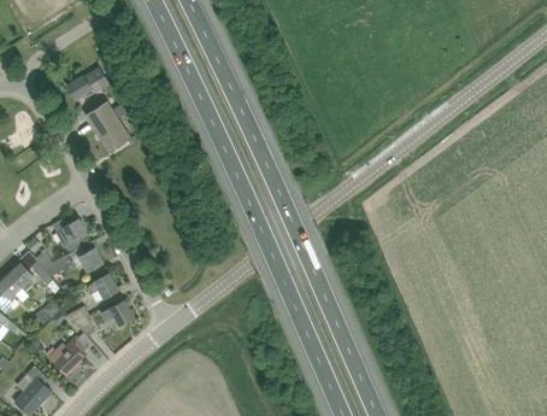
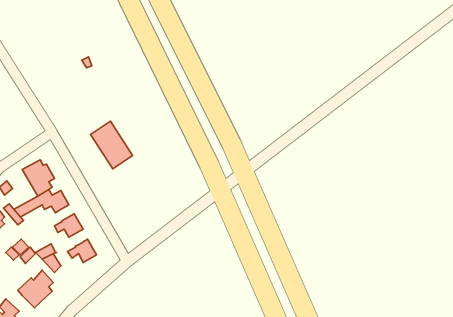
building: [66,68,108,99] -> none
building: [84,100,130,152] -> [91,121,133,169]

